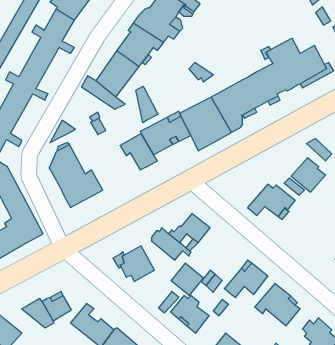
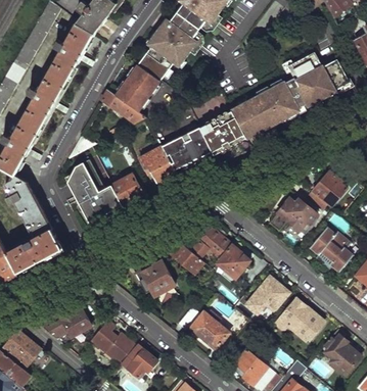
building: [136,86,158,123] -> none
building: none -> [111,174,144,206]
building: none -> [307,228,353,272]
building: [171,263,204,296] -> [218,244,250,277]

